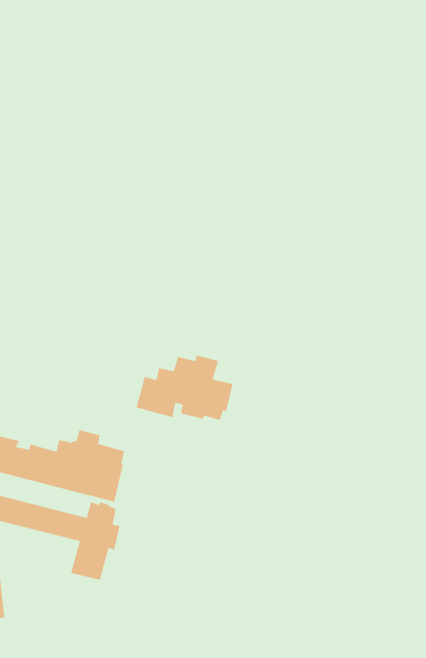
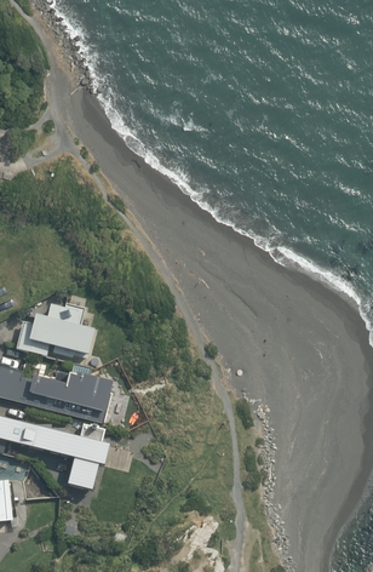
building: [136,355,234,421] -> [15,304,97,360]

